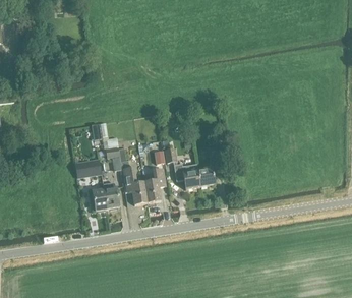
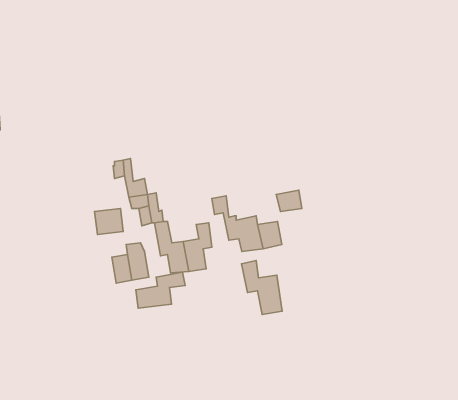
building: none -> [241,261,282,314]
building: none -> [136,272,185,308]

